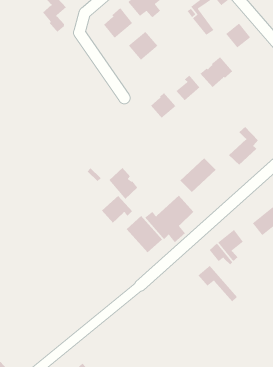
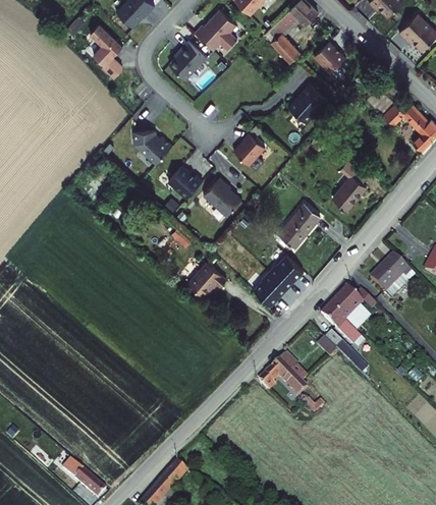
building: [128,31,158,61] -> none
building: [176,75,200,101] -> none
building: none -> [133,130,171,164]
building: none -> [168,165,203,198]
building: [108,167,138,200] -> [204,177,240,216]
building: [126,215,163,253] -> none
building: none -> [260,353,308,397]

